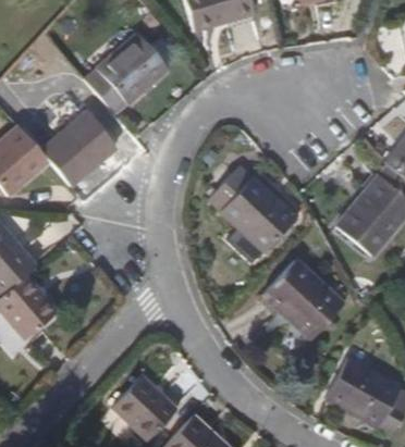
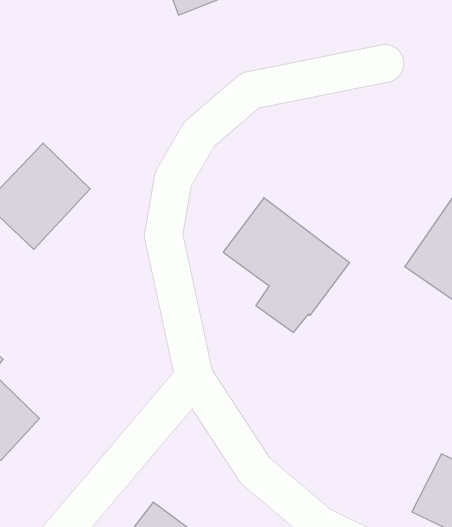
building: [86,32,171,113] -> none
building: [262,260,343,339] -> none

